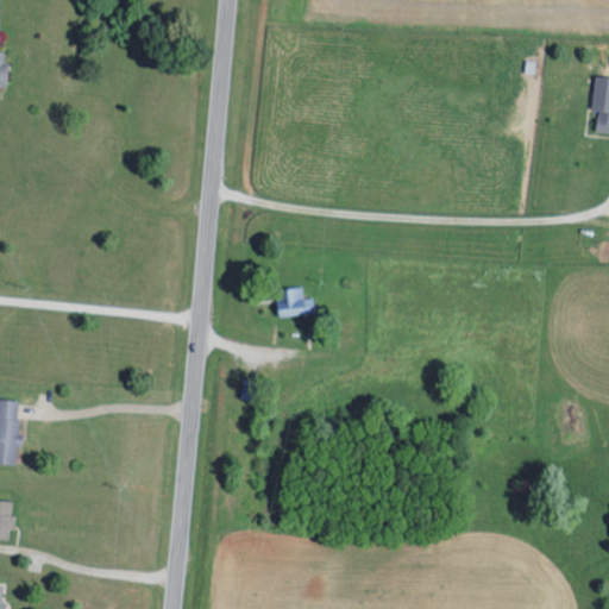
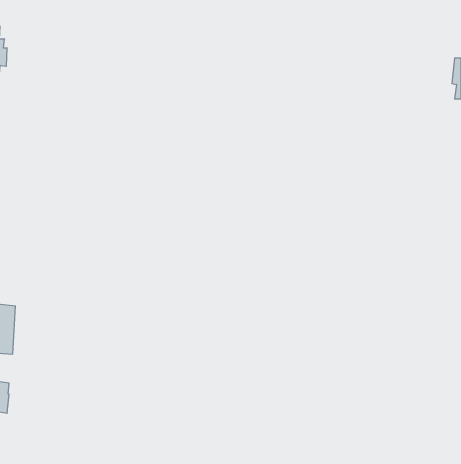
building: [277,288,309,316] -> none

